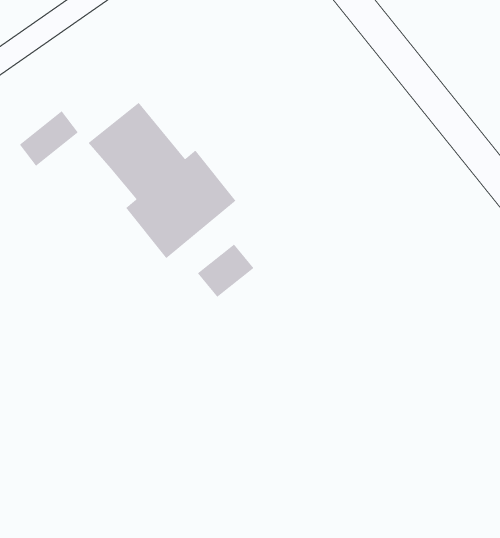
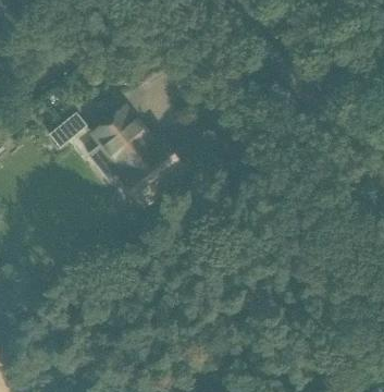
building: [197,243,254,298] -> none

